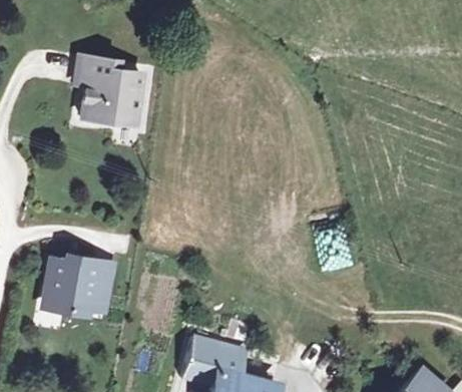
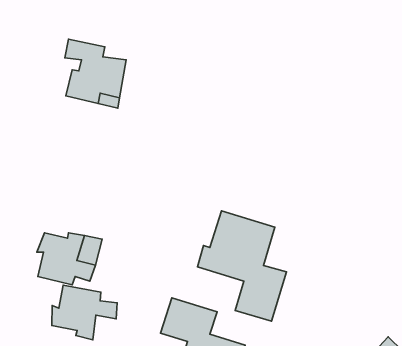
building: none -> [197,211,287,321]
building: none -> [52,285,117,340]

